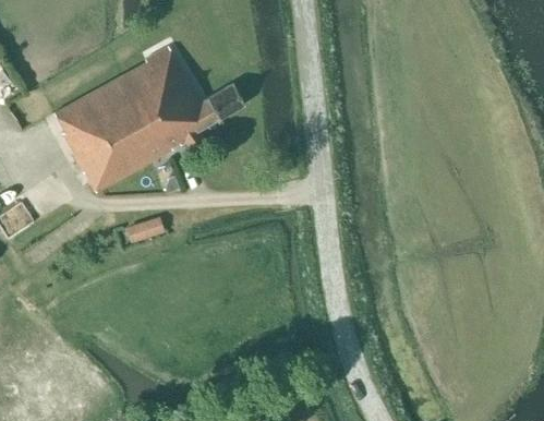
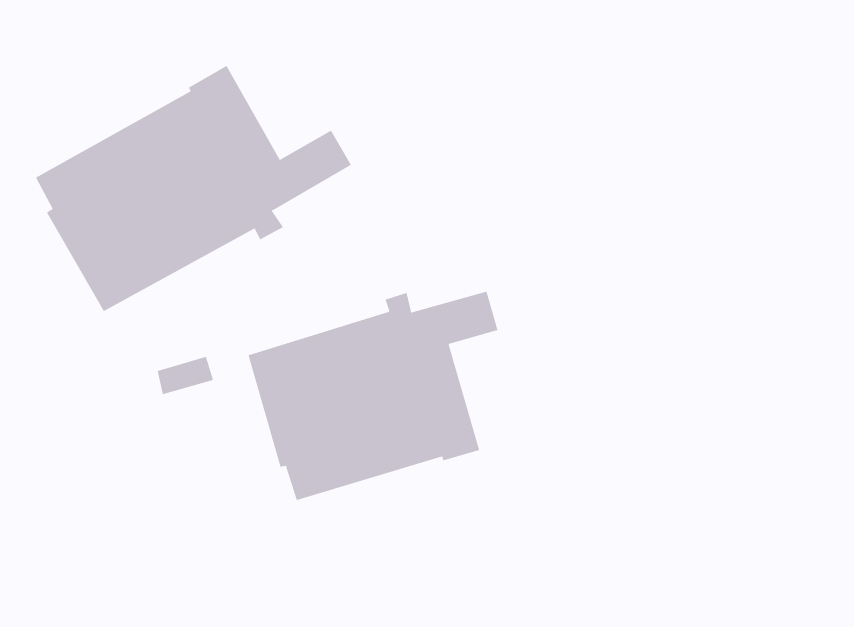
building: none -> [248,291,498,501]

